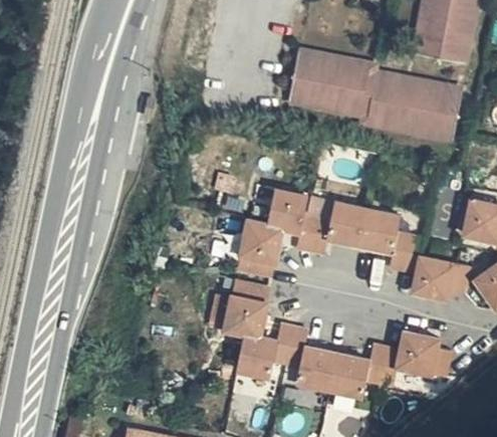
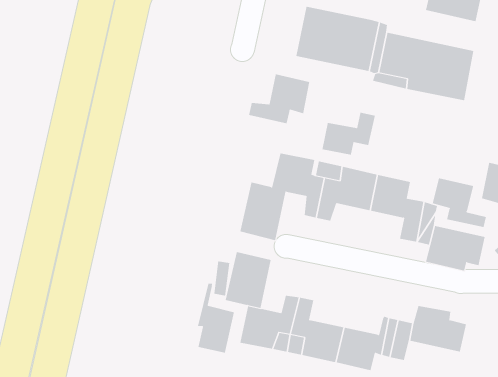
building: none -> [248,74,310,124]
building: none -> [322,112,375,155]
building: none -> [432,178,487,228]
building: none -> [197,283,234,354]

